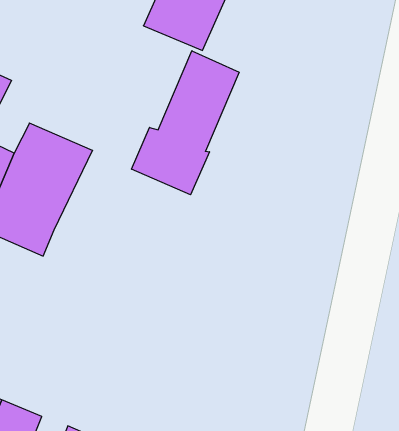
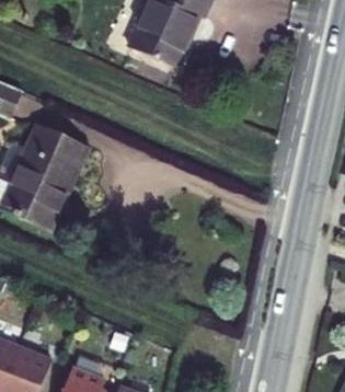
building: [132,51,239,195] -> none

